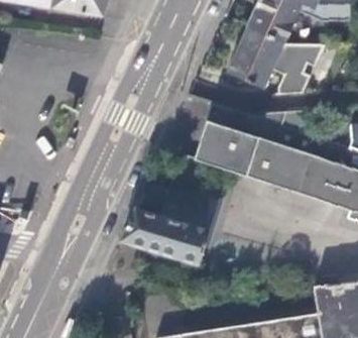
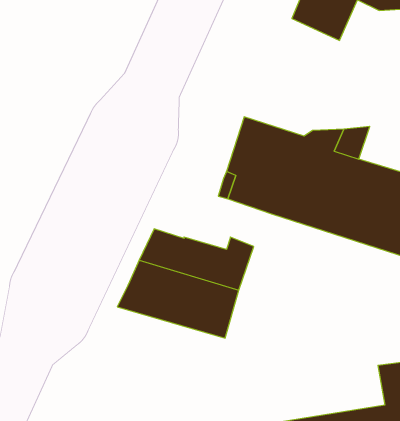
building: [228,28,325,95] -> none

